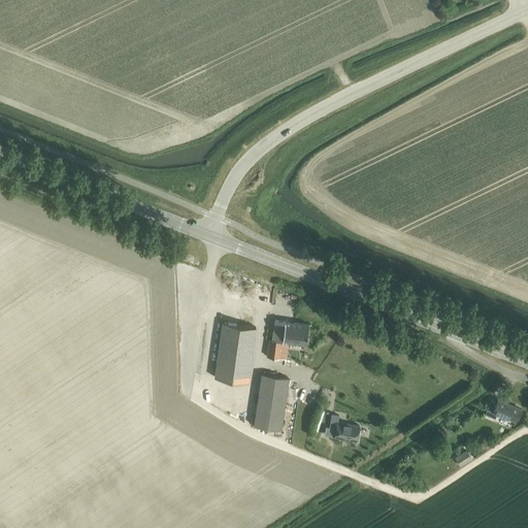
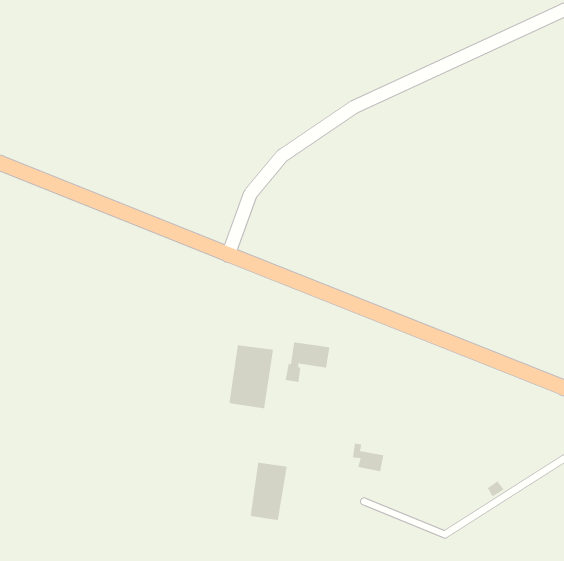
building: [254,376,289,431] -> [250,462,287,521]
building: [484,401,521,423] -> none

